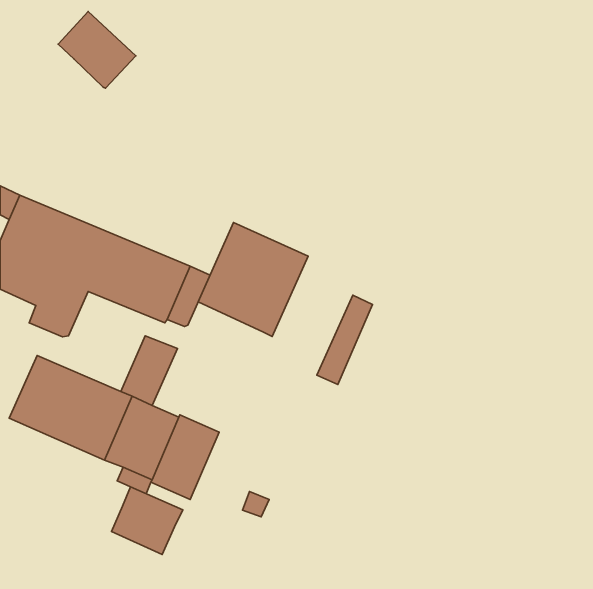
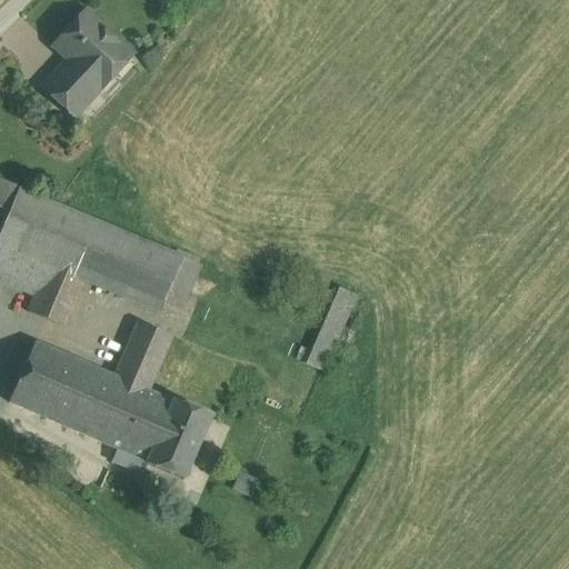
building: none -> [43,57,99,112]
building: [198,223,308,337] -> none
building: [111,487,183,555] -> none

